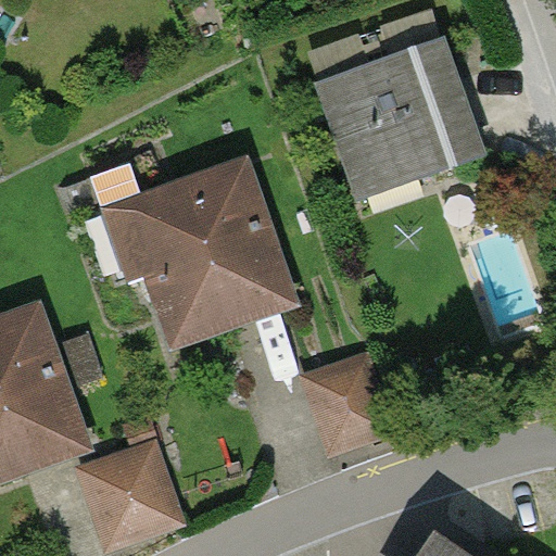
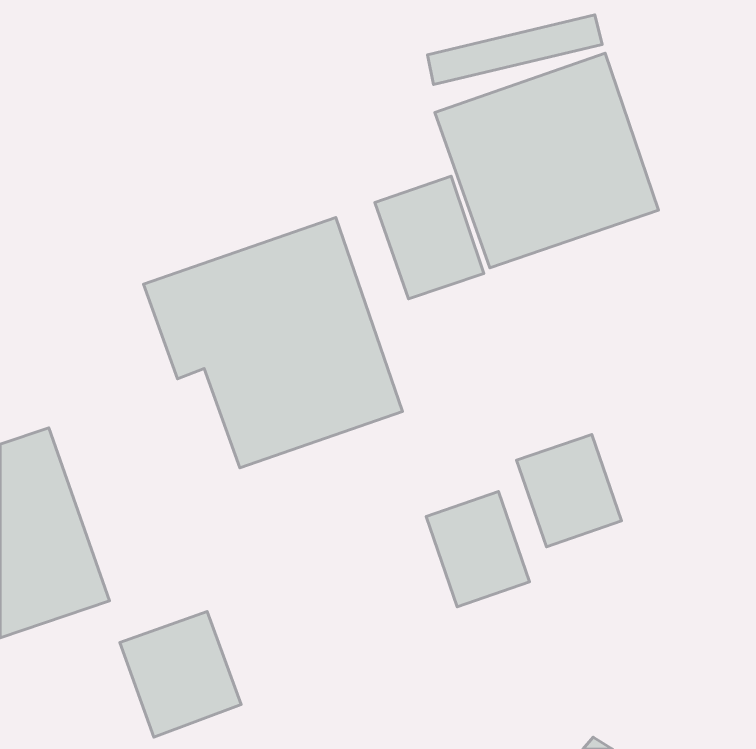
building: none -> [375,176,484,299]
building: none -> [517,434,622,547]

